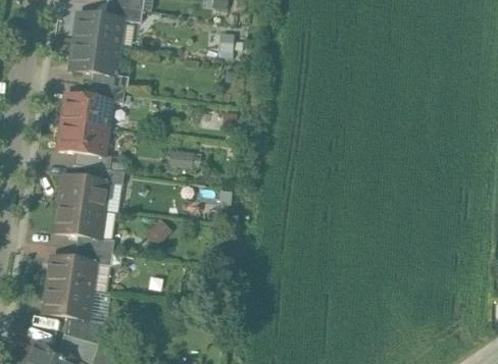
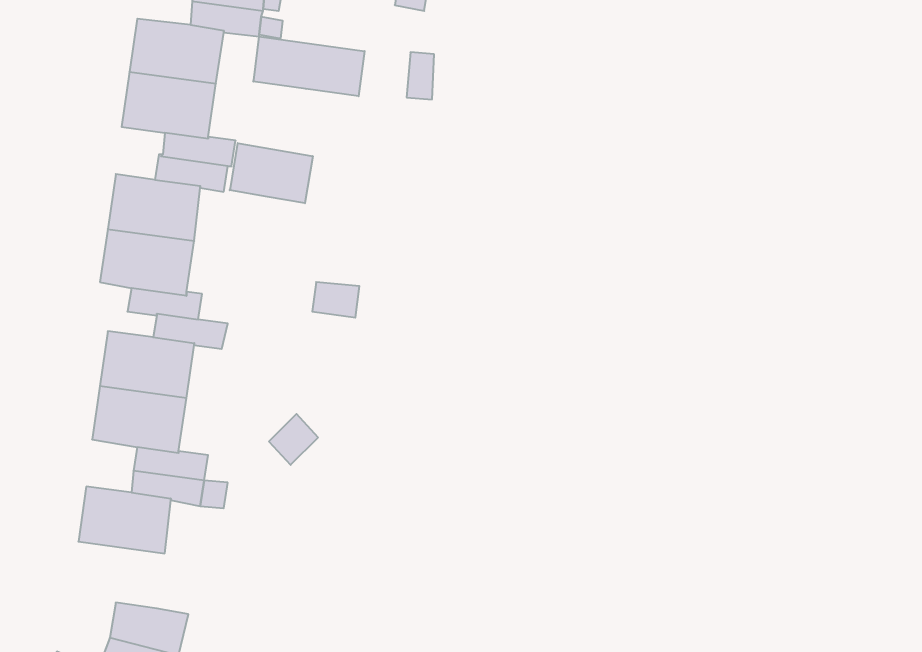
building: none -> [253,36,365,96]
building: none -> [230,143,313,203]
building: [44,283,93,318] -> none

